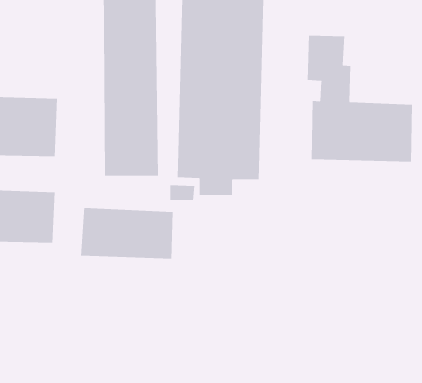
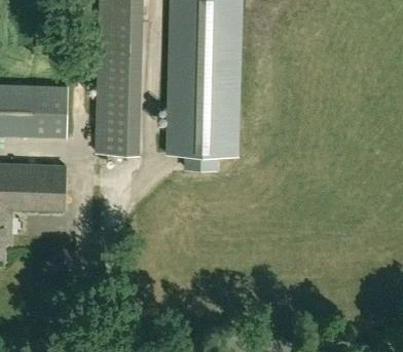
building: [307,35,412,162] -> none
building: [81,207,173,260] -> none

